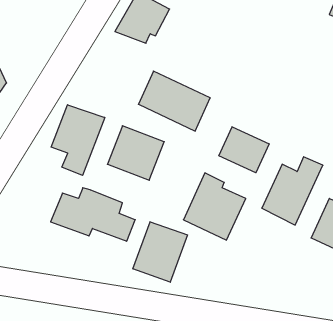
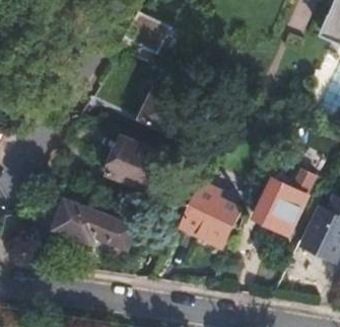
building: [51,105,105,175] -> none
building: [219,127,269,173] -> none
building: [133,222,187,282] -> none

